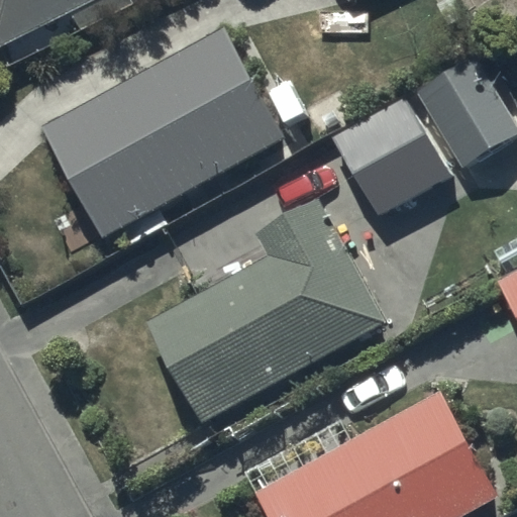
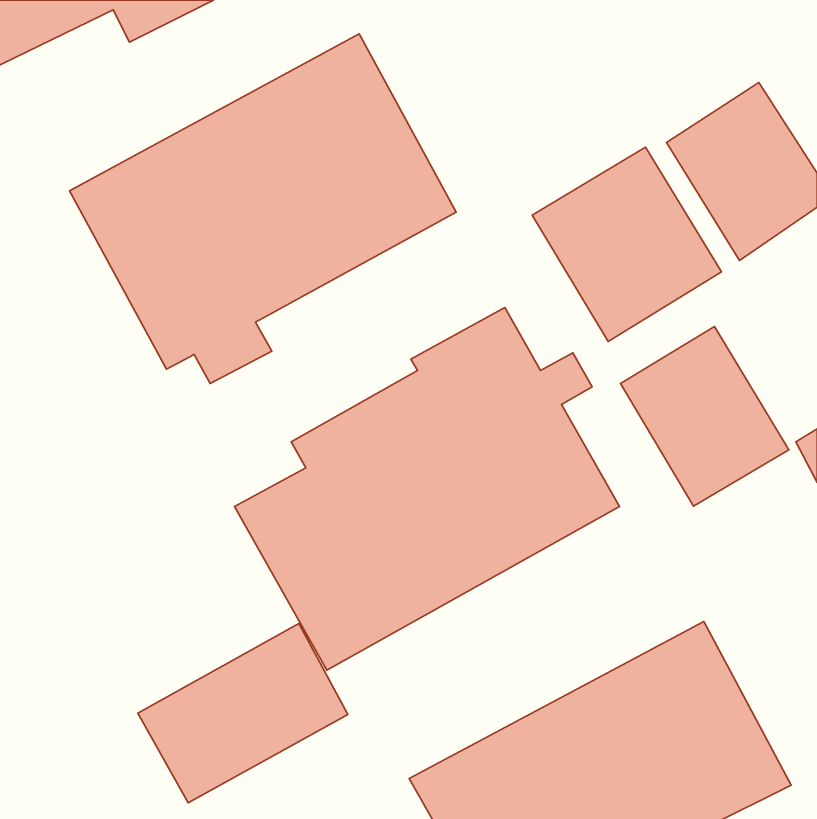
building: none -> [620,327,789,506]
building: none -> [138,623,348,803]

